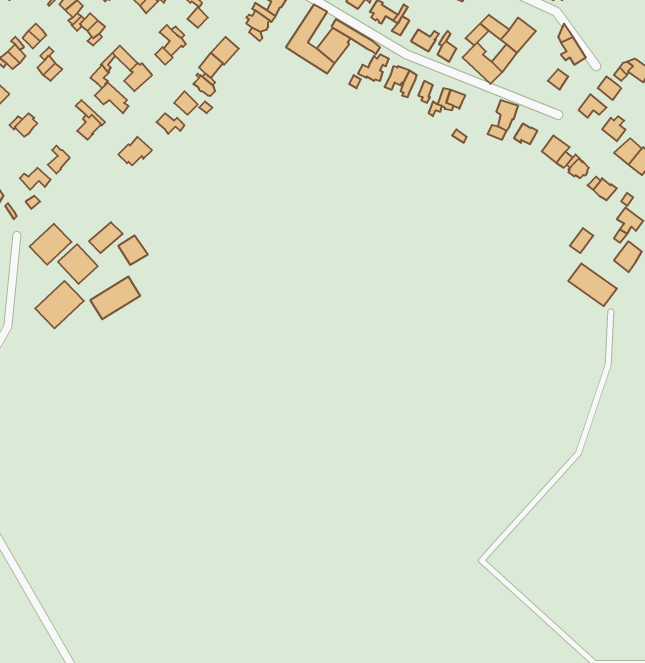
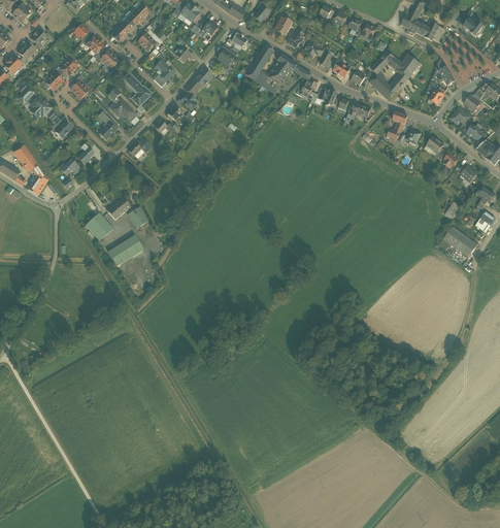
building: [30,224,72,265] -> none
building: [35,281,84,328] -> none

